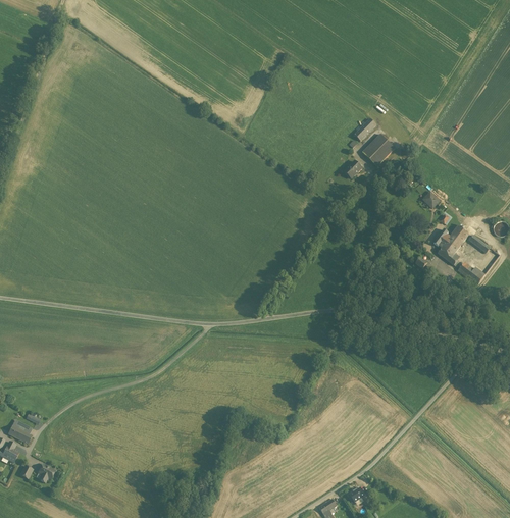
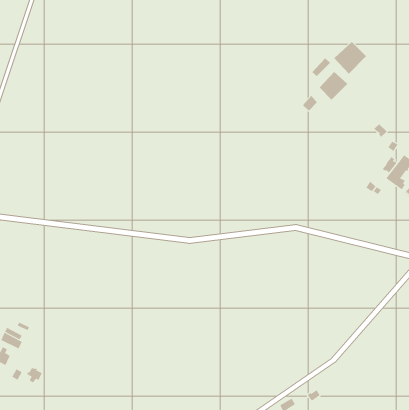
building: none -> [334,41,367,74]

